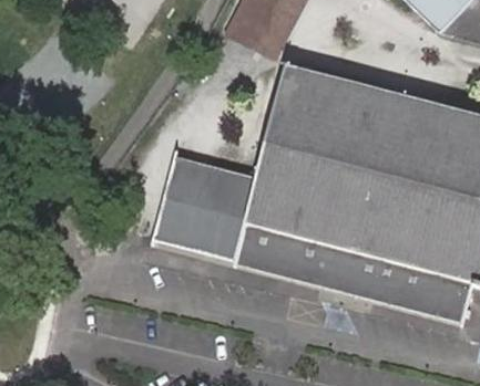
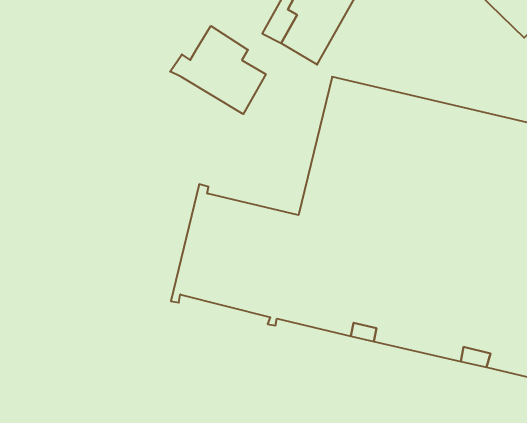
building: none -> [170,26,266,114]

